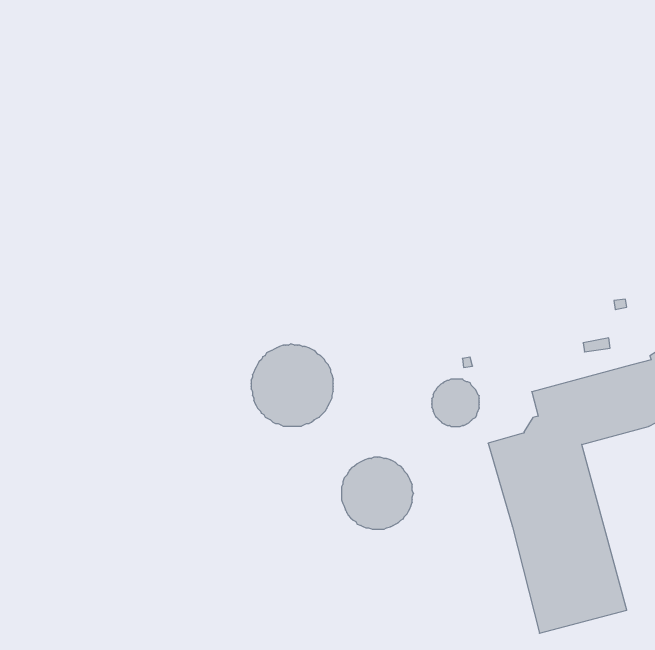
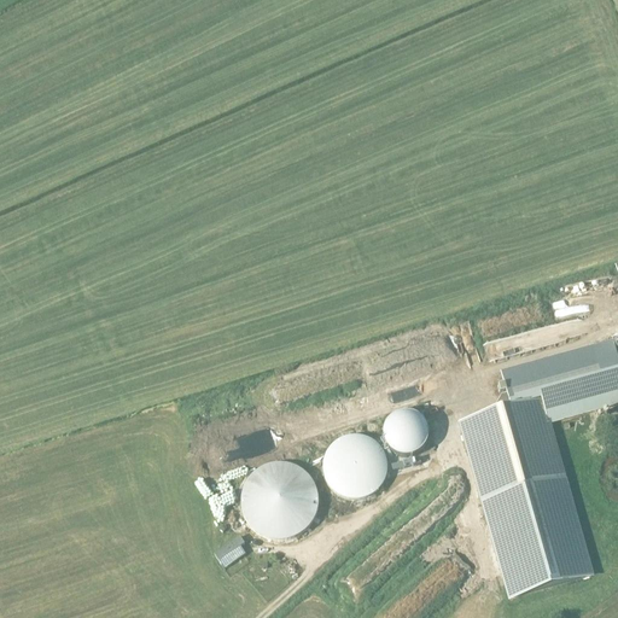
building: [251,344,333,426] -> [241,459,319,536]
building: [432,379,479,427] -> [384,408,428,453]

